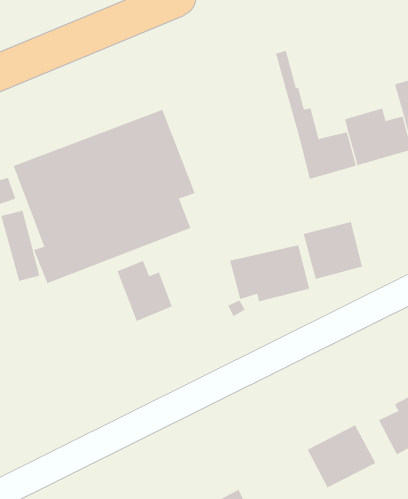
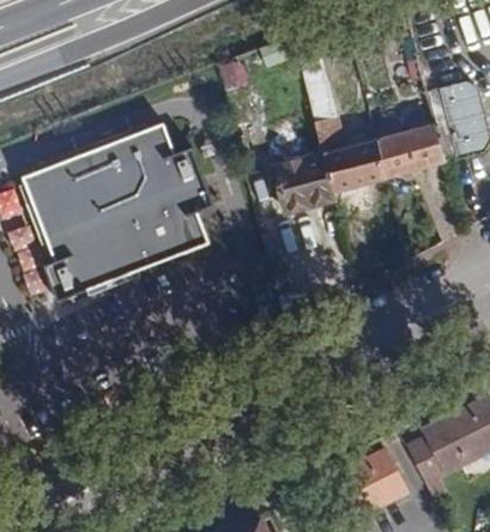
building: [303,222,363,279] -> [273,152,337,213]
building: [230,244,310,302] -> none
building: [117,260,173,322] -> none

